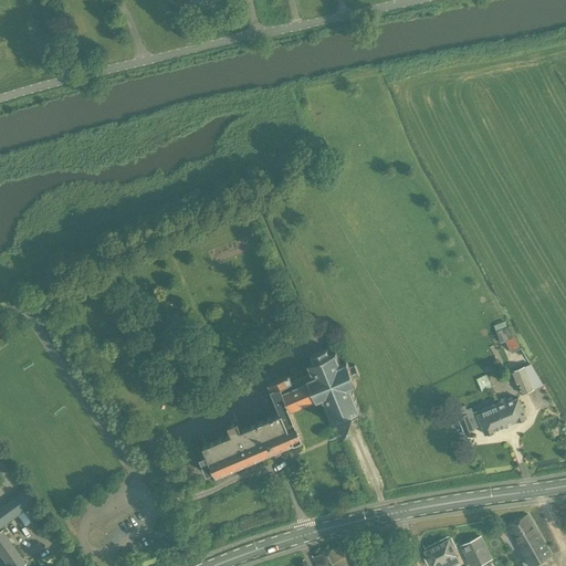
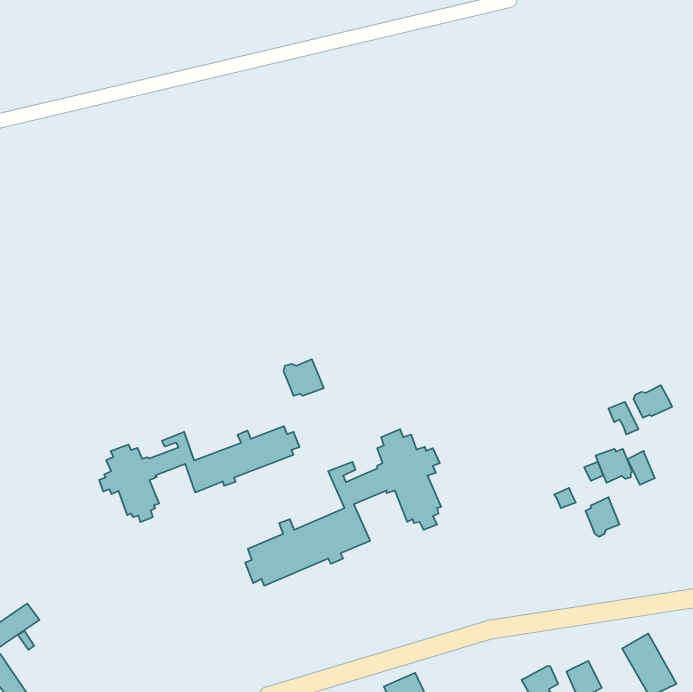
building: none -> [284,359,324,396]
building: none -> [634,385,672,418]
building: none -> [99,426,300,522]
building: [494,401,524,429] -> [596,449,632,483]

